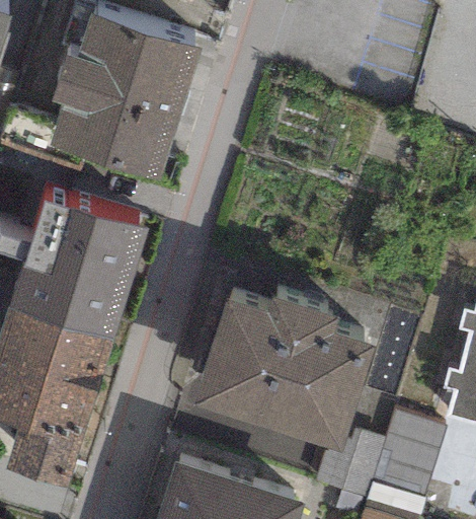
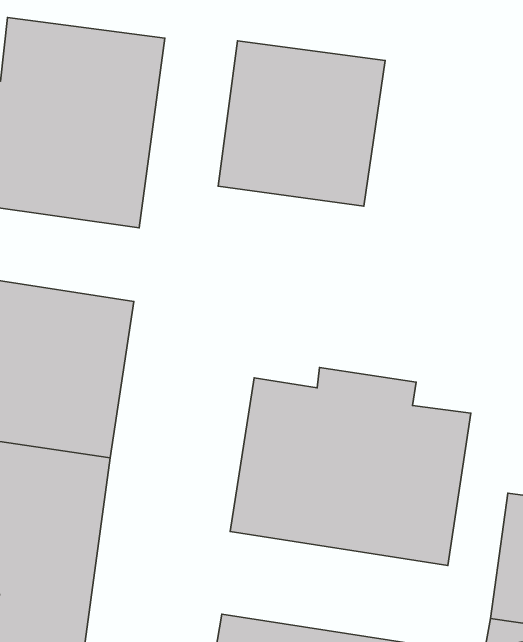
building: none -> [218,41,385,206]

